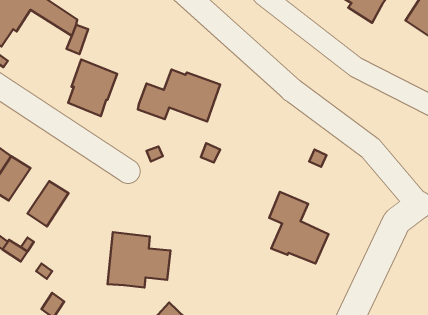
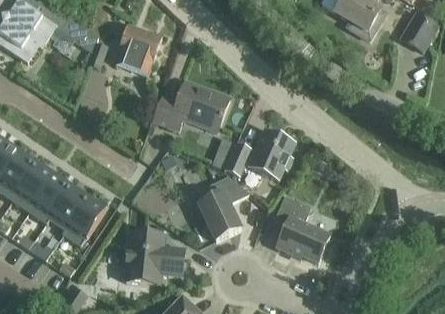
building: [68,60,117,116] -> [116,24,161,76]
building: none -> [226,130,294,179]
building: none -> [34,174,71,216]
building: none -> [198,176,248,240]
building: none -> [69,197,106,239]

